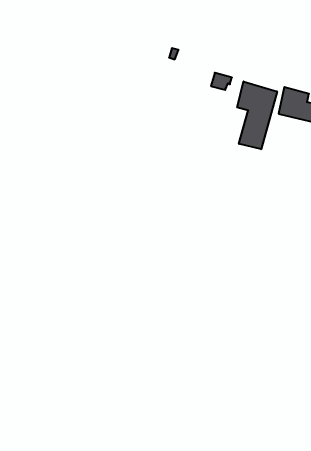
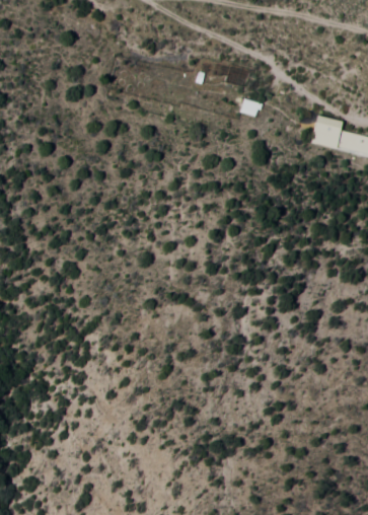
building: [237,81,277,149] -> none

